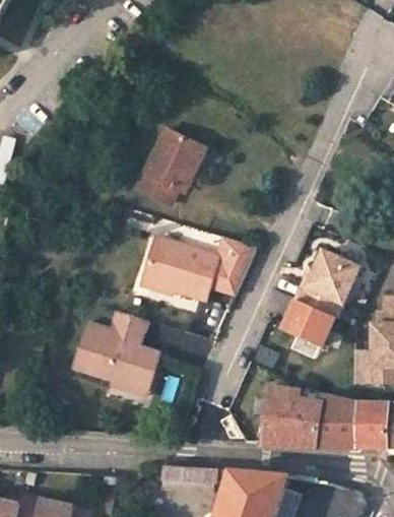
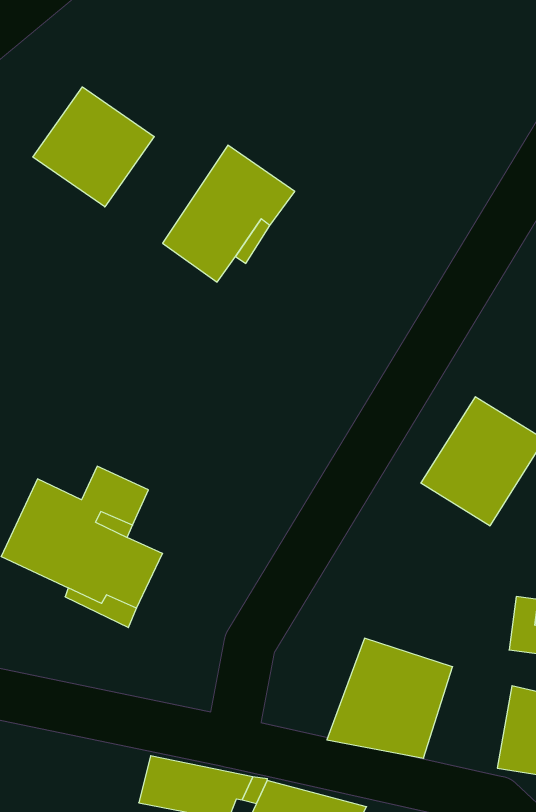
building: none -> [33,87,154,207]
building: [142,238,256,301] -> none
building: [281,298,335,344] -> none
building: [316,395,358,447] -> none

